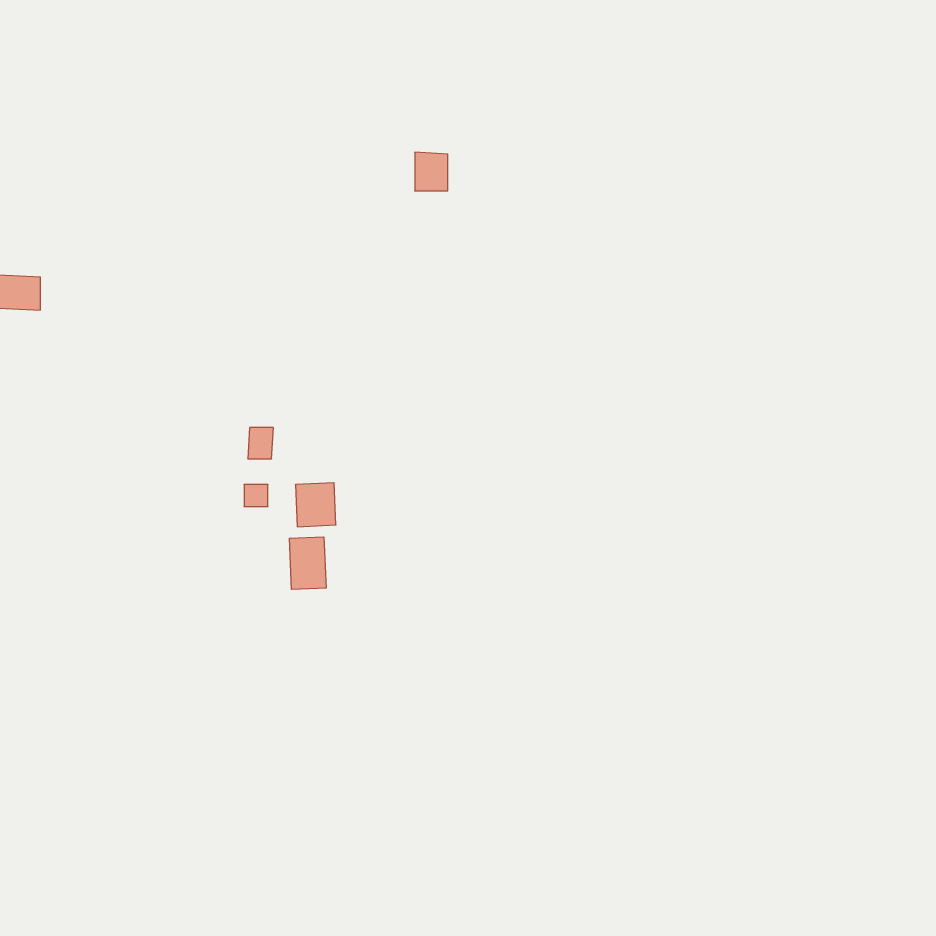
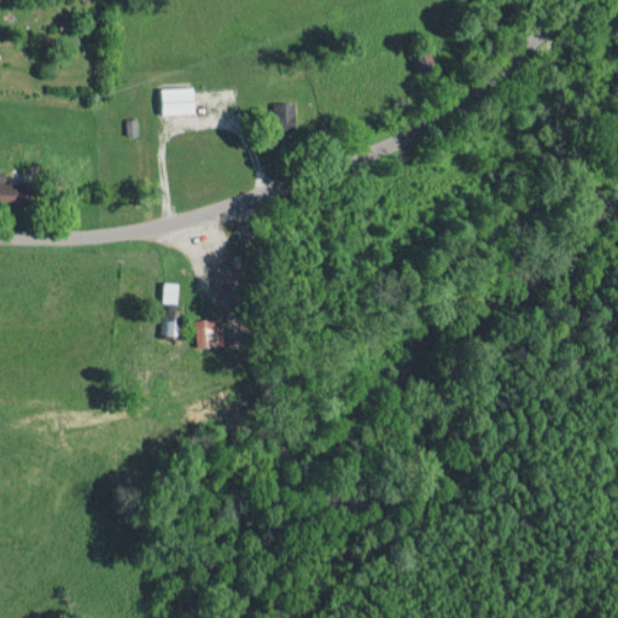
building: none -> [163,87,197,113]
building: [289,537,326,589] -> none

